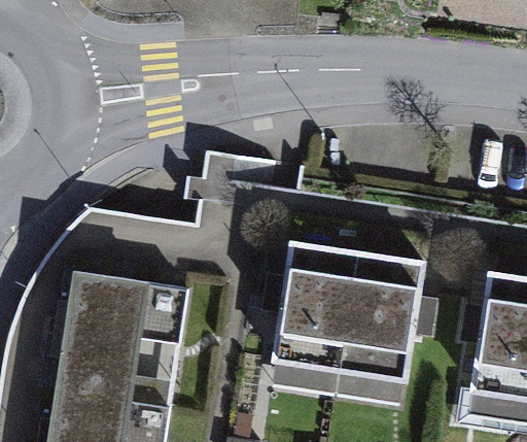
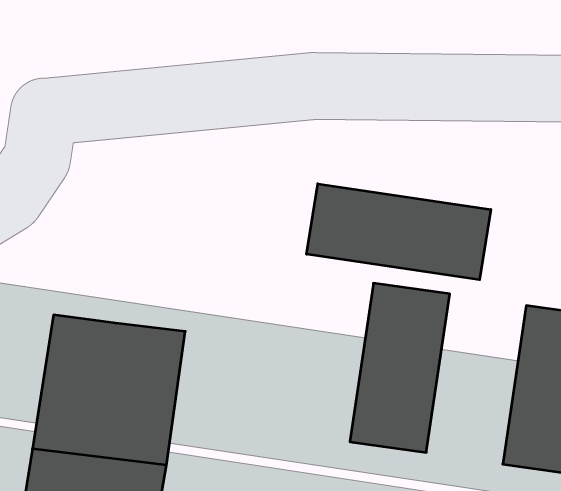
building: none -> [307,184,491,280]
building: [267,240,354,389] -> none

